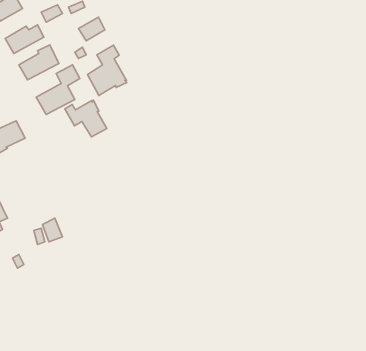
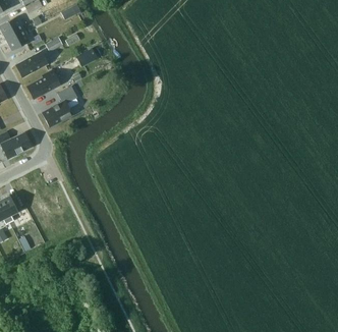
building: [88,45,127,95] -> none
building: [65,100,107,137] -> none

